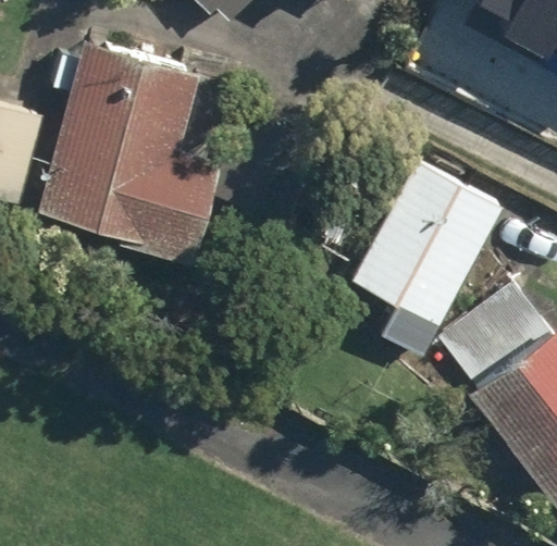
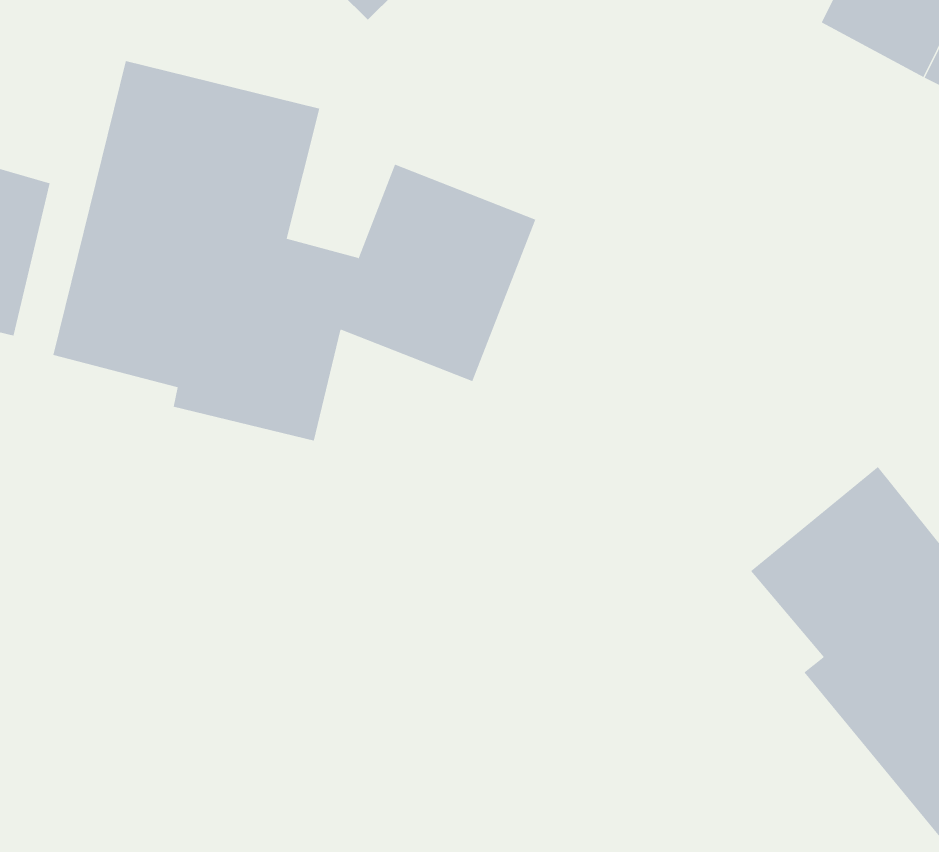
building: [325,157,505,375] -> none

